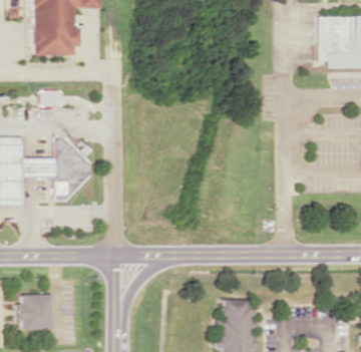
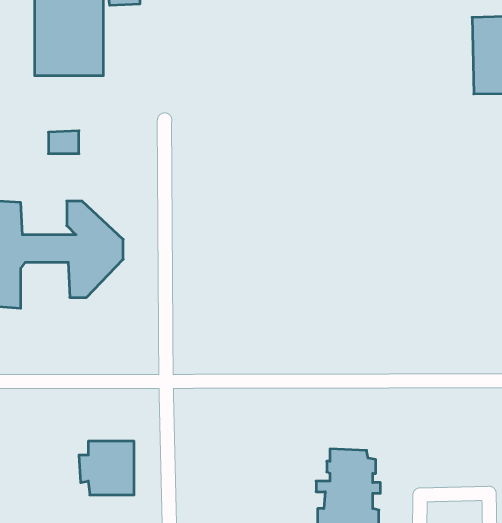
building: [15,294,51,329] -> [79,441,134,495]

